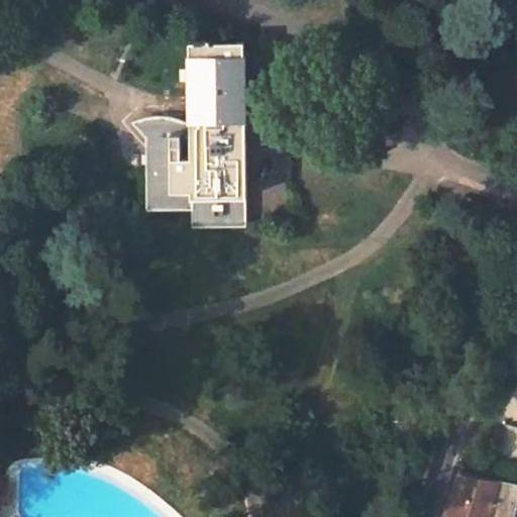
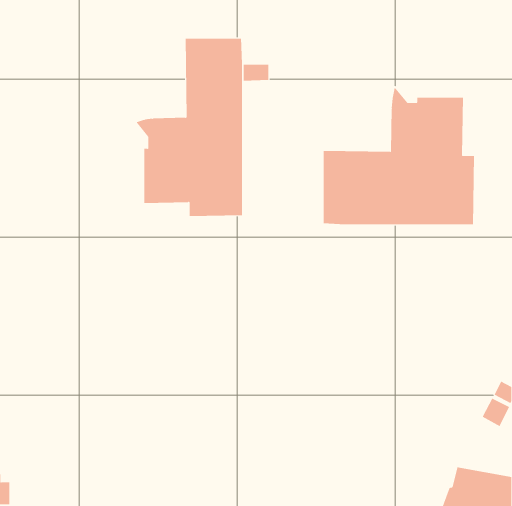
building: none -> [323,87,474,225]

